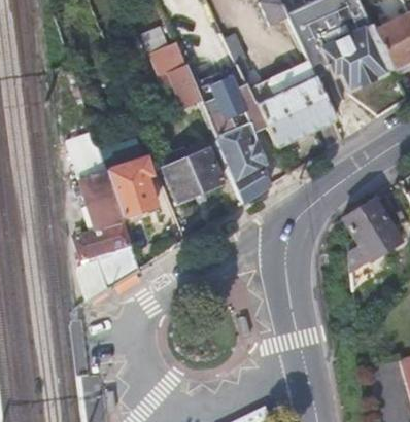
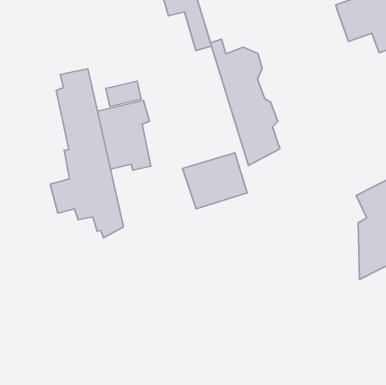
building: [249,59,335,145] -> none
building: [163,149,221,202] -> [183,153,247,209]
building: [79,260,124,300] -> none

